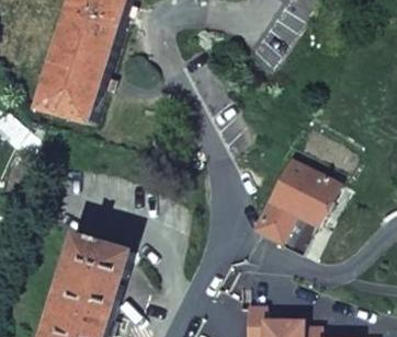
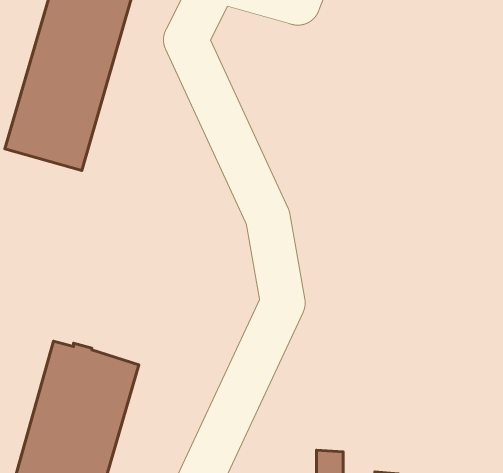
building: [254,160,337,252] -> none

